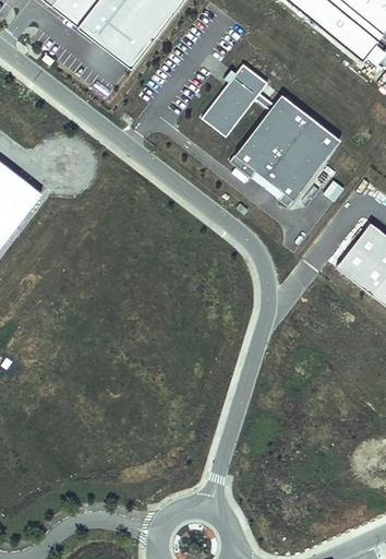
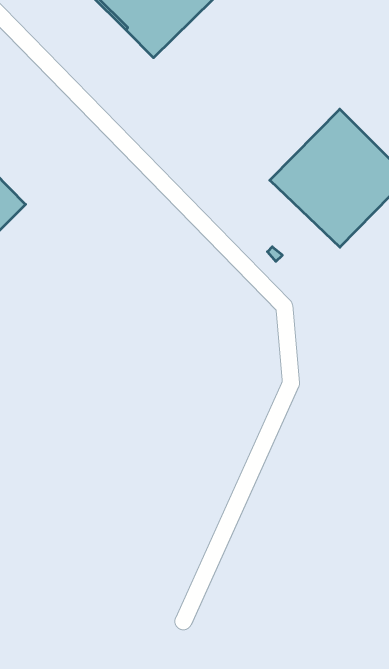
building: [198,62,265,132] -> none

